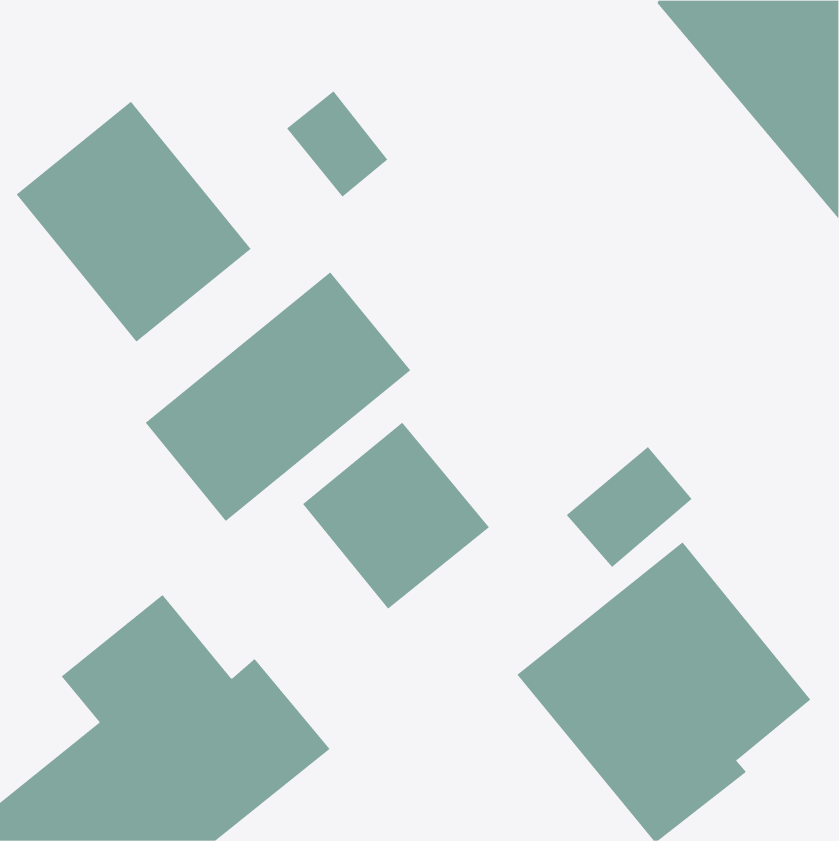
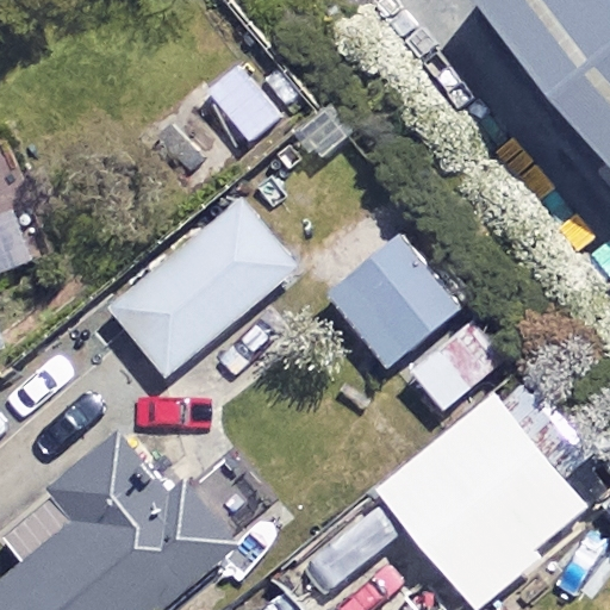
building: [16,101,251,342] -> none
building: [302,422,490,610] -> [326,235,462,371]

